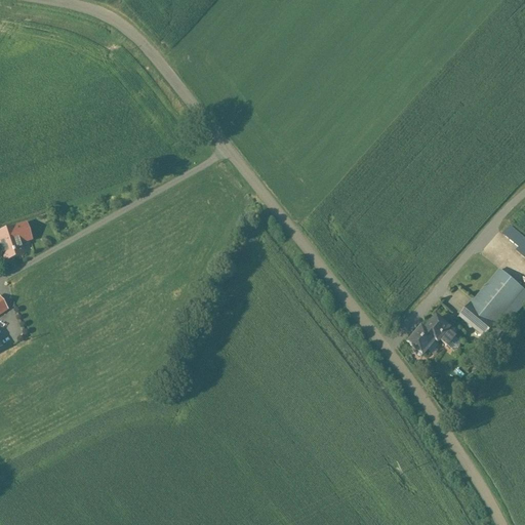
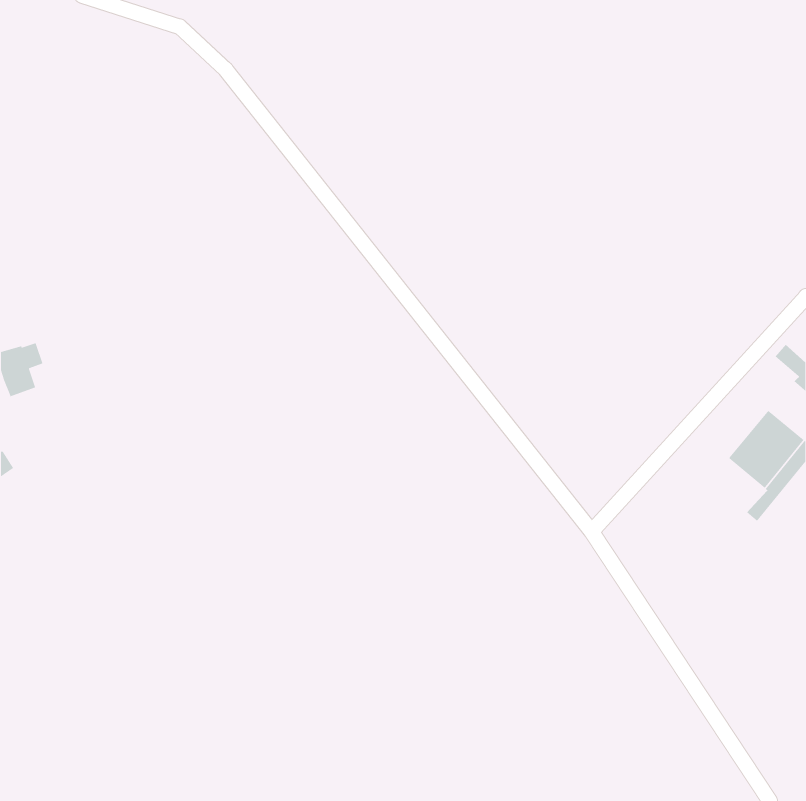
building: [459,297,498,334] -> none
building: [409,314,455,354] -> none

